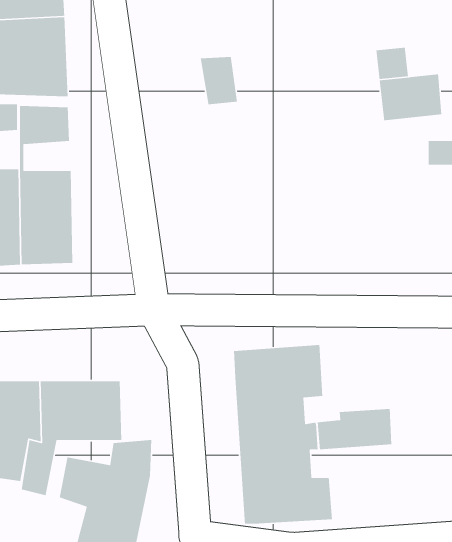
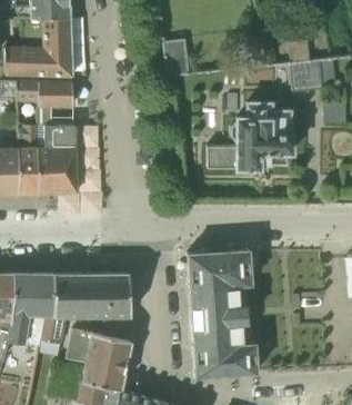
building: none -> [207,100,294,170]
building: none -> [109,274,131,316]
building: [317,408,392,450] -> none

